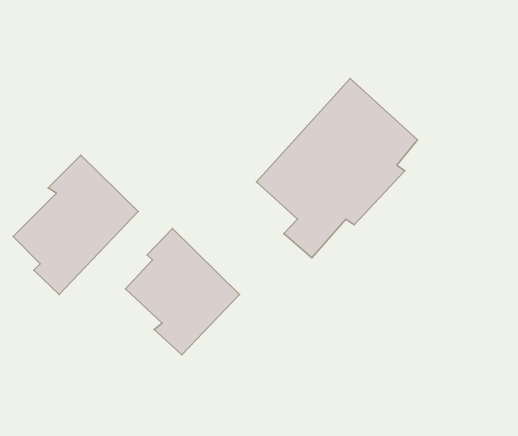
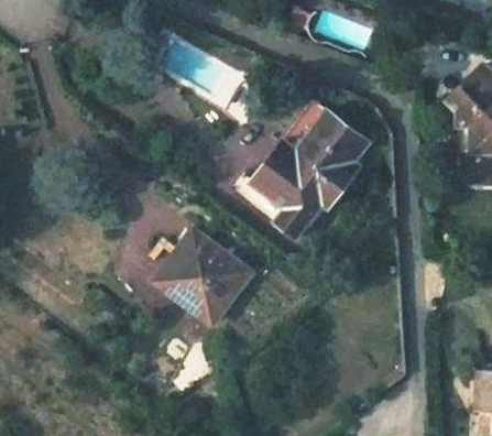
building: [13,155,138,295] -> none

